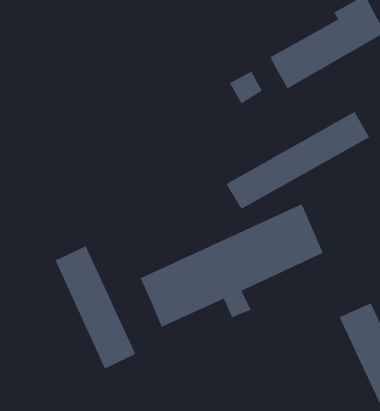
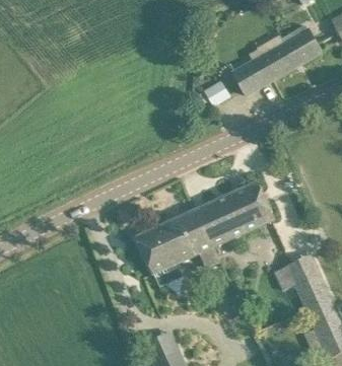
building: [227,111,370,210] -> none
building: [54,245,136,369] -> none

